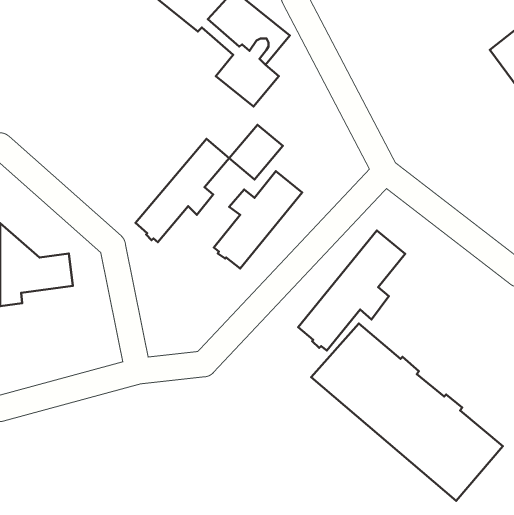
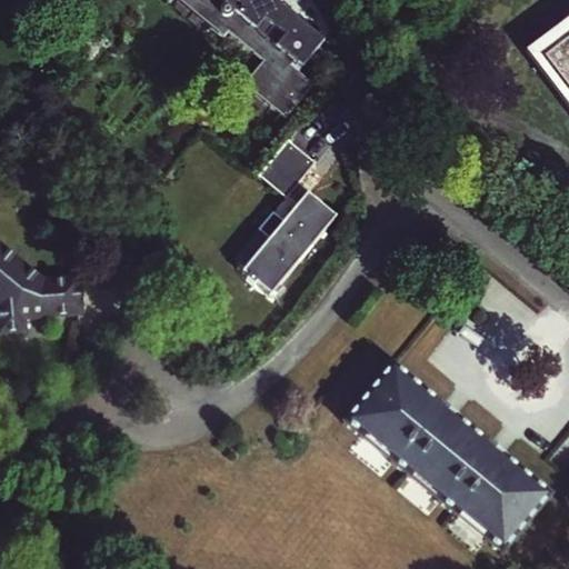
building: [135,139,229,242] -> none
building: [298,231,405,351] -> none

